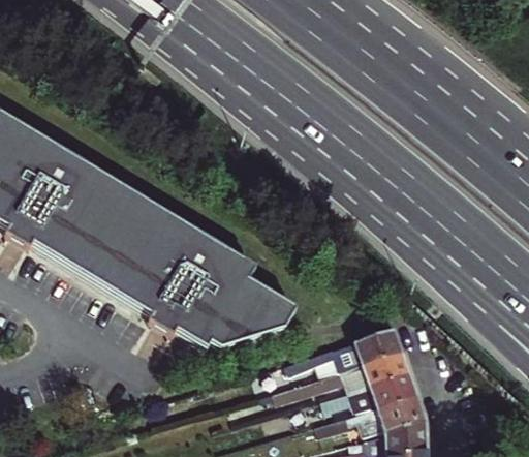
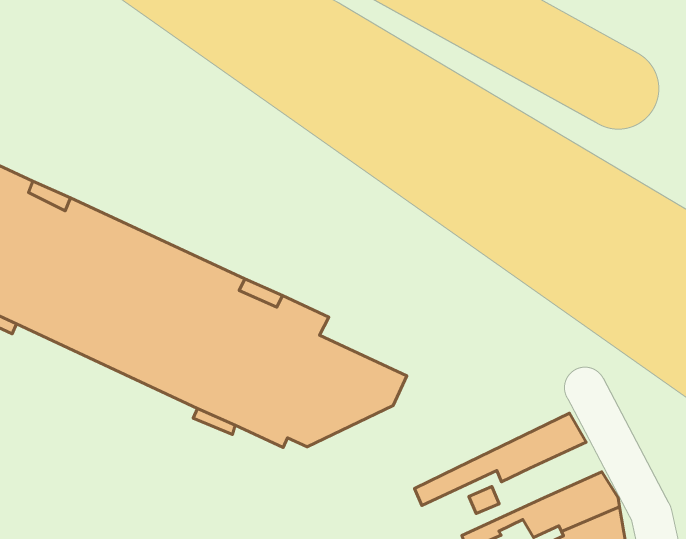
building: [286,334,403,382] -> none
building: [370,378,418,412] -> none

